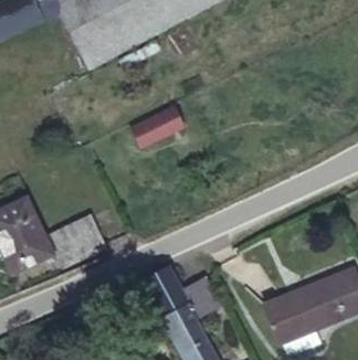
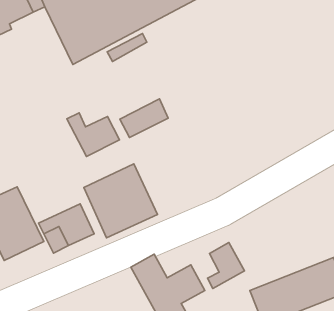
building: none -> [67,113,119,157]
building: none -> [84,164,157,238]
building: none -> [207,243,245,288]

